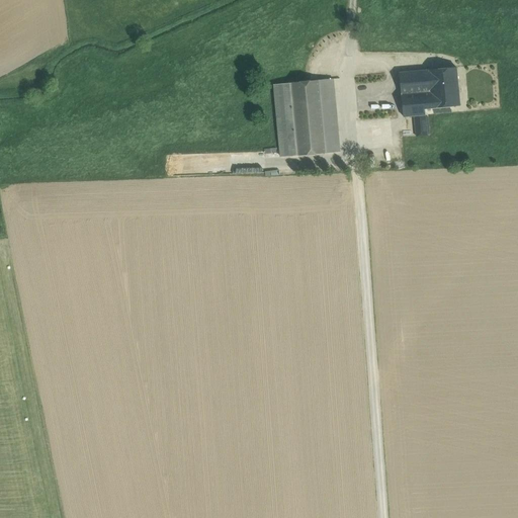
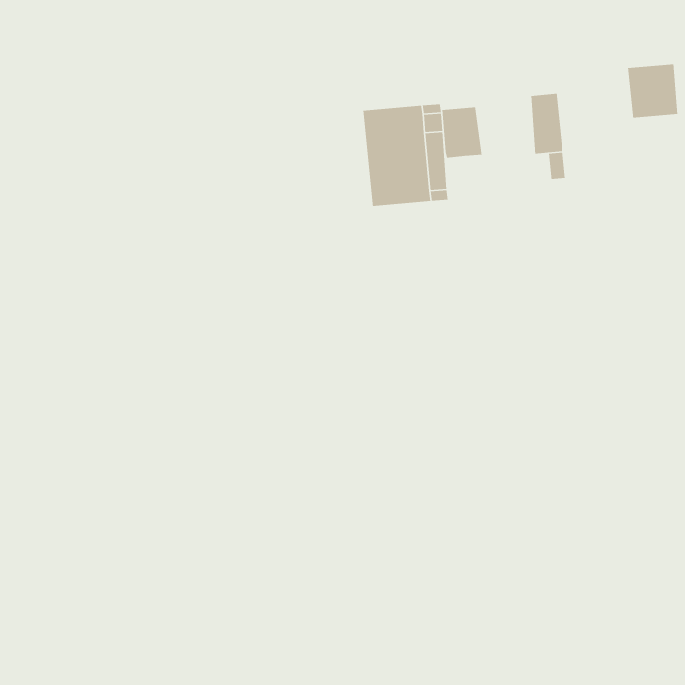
building: [420,67,458,108] -> [627,63,678,118]
building: none -> [442,106,482,158]

